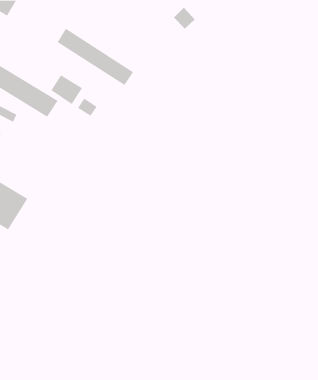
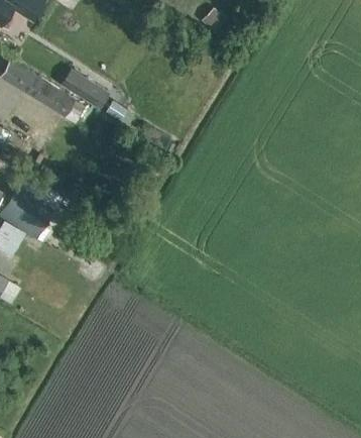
building: [57,28,134,86] -> none

